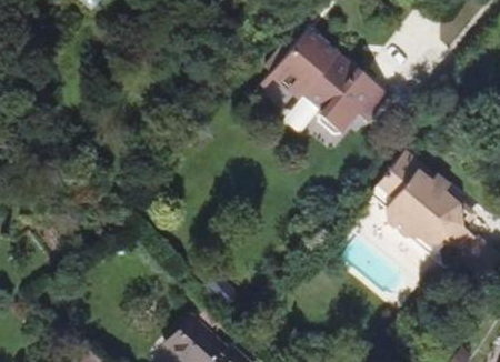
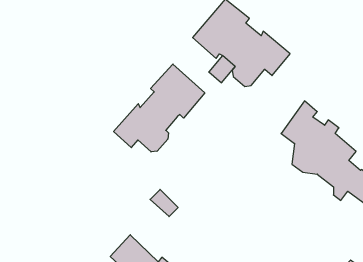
building: none -> [114,64,205,152]

